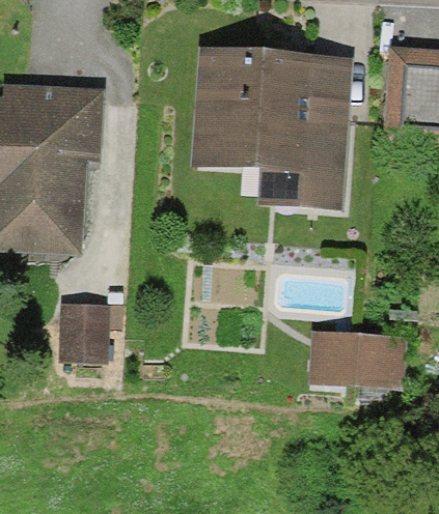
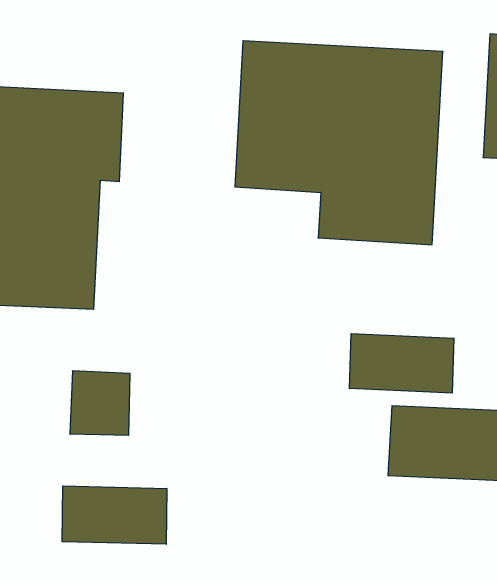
building: none -> [350,334,454,393]
building: none -> [62,486,167,544]

